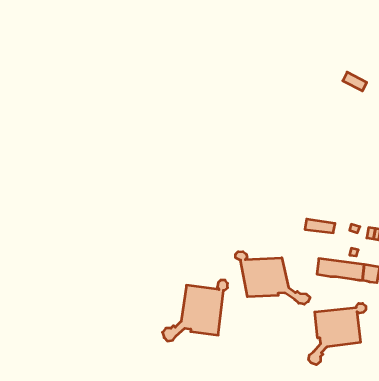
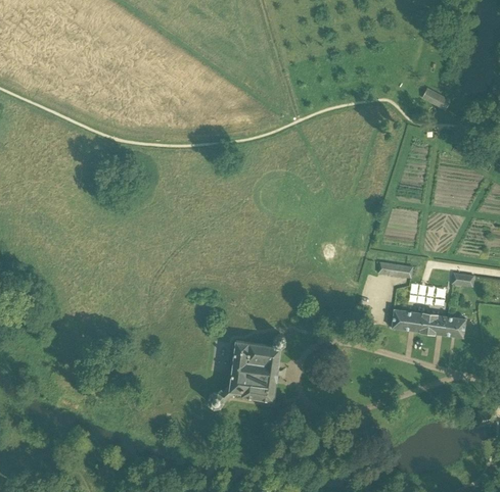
building: [236,252,310,304] -> none
building: [309,303,366,365] -> none

